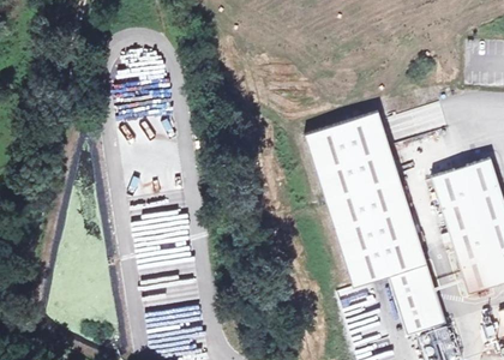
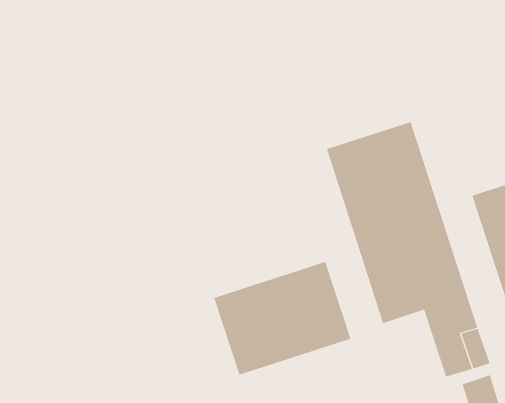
building: none -> [213,261,351,376]

